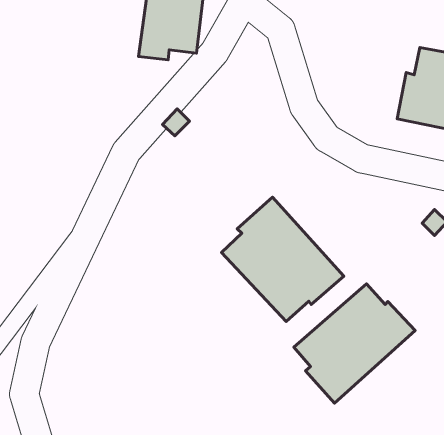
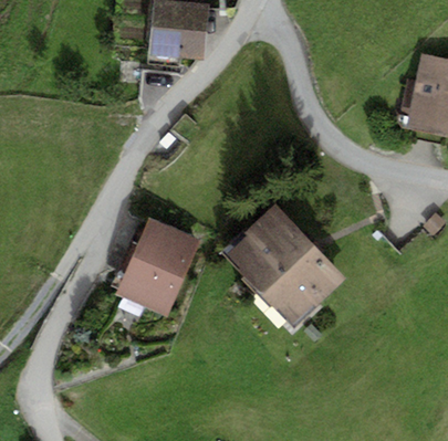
building: none -> [114,219,200,317]
building: [294,284,415,403] -> none

